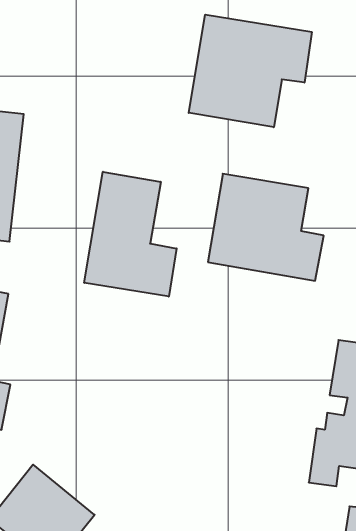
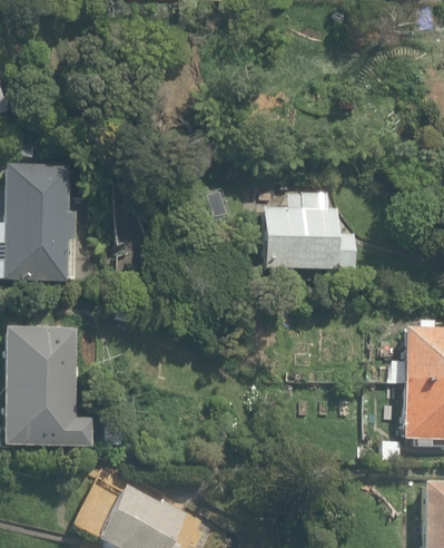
building: [189,15,312,127] -> none
building: [84,172,177,297] -> none

